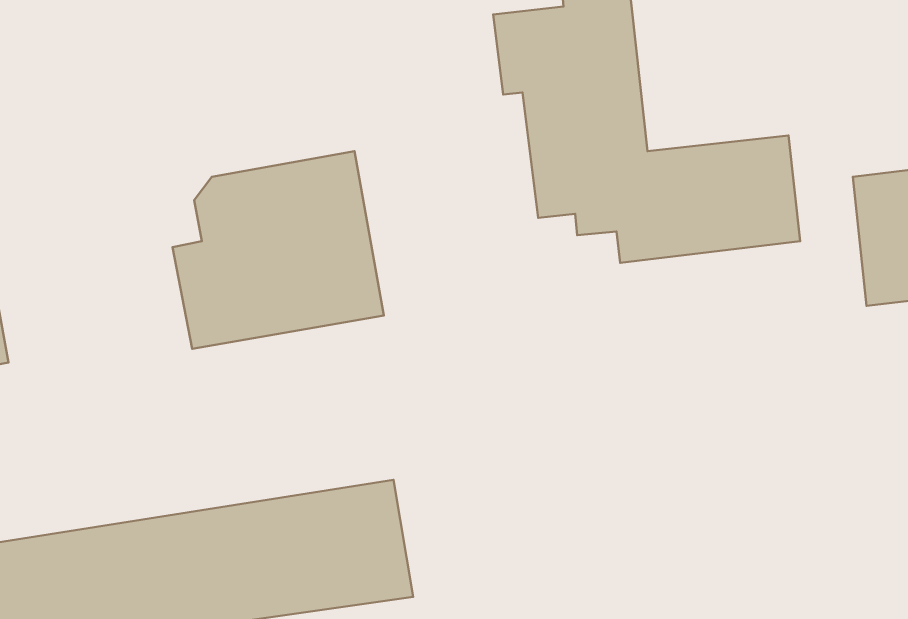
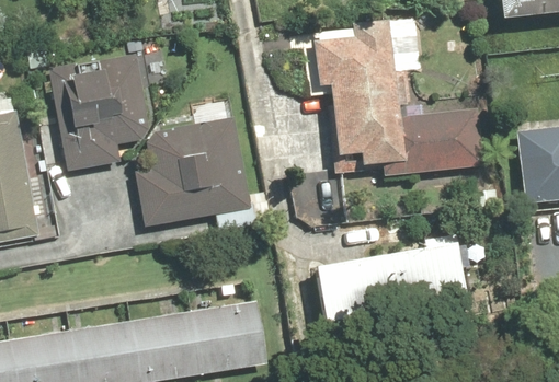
building: none -> [48,53,150,171]
building: none -> [315,242,467,325]

